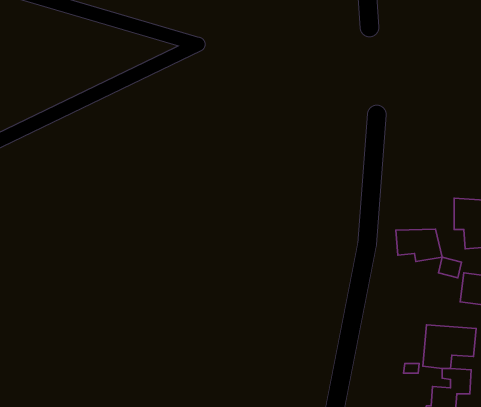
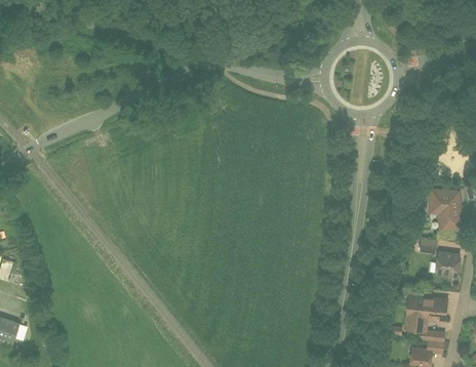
building: [396,229,442,261] -> none

